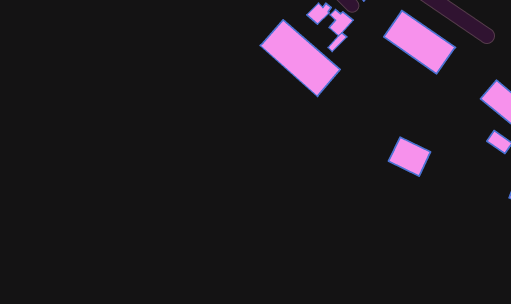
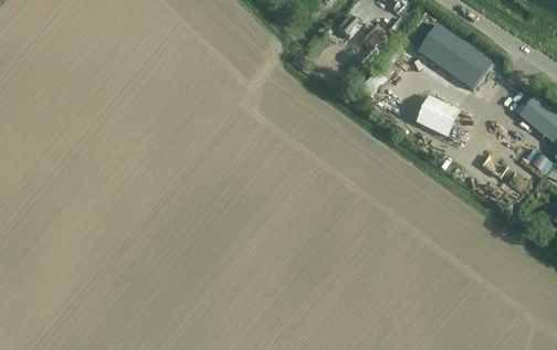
building: [260,20,340,96] -> none
building: [388,137,431,176] -> [417,94,461,135]

